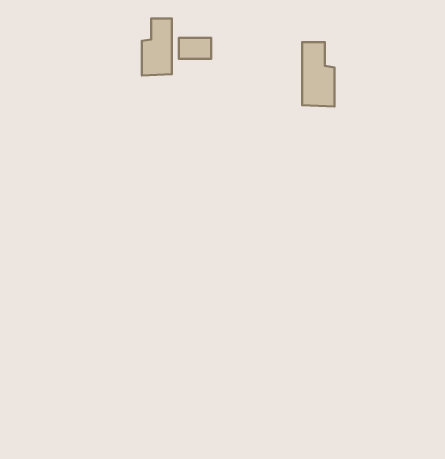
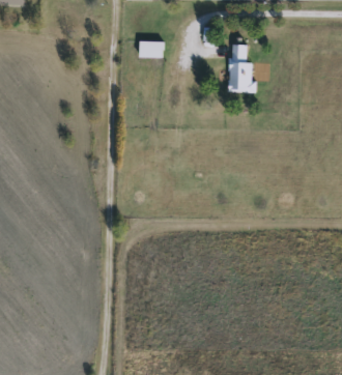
building: [142,19,172,75] -> none

